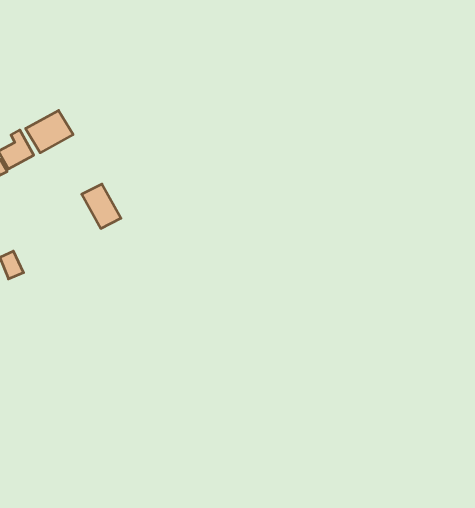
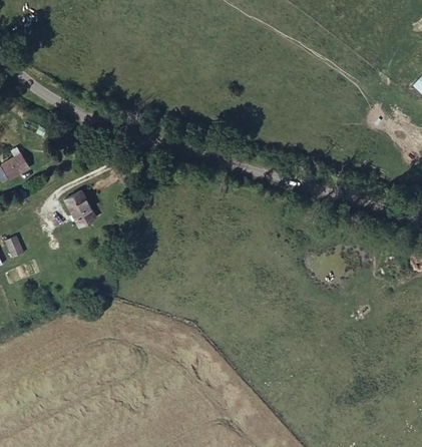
building: [26,110,73,153] -> none

